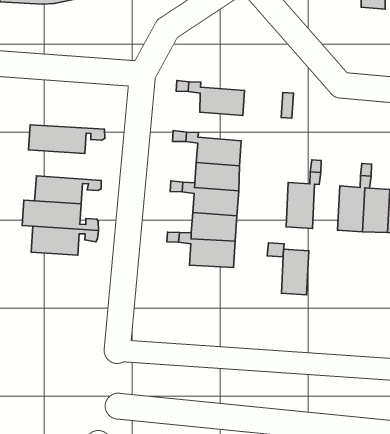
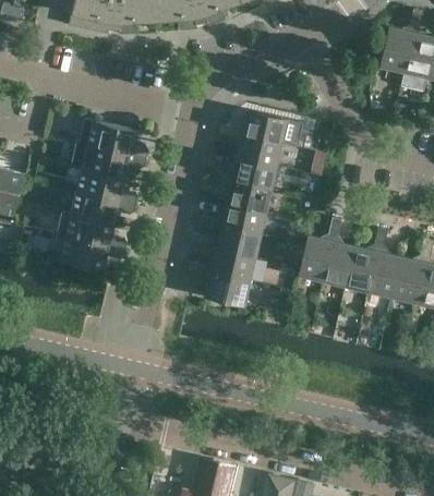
building: none -> [241,110,305,148]
building: none -> [79,119,148,158]
building: none -> [231,157,276,190]
building: none -> [76,168,137,205]
building: [281,249,309,295] -> [323,241,354,287]

